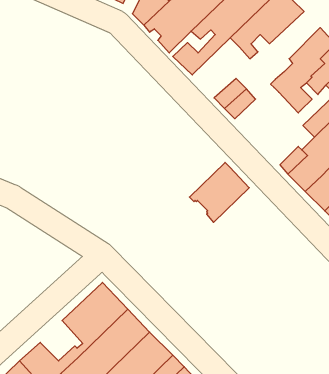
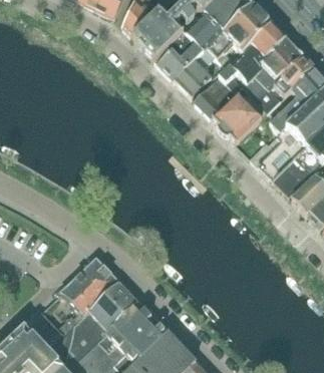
building: none -> [219,23,286,85]
building: none -> [175,46,216,96]
building: [189,162,249,222] -> [215,89,267,141]

